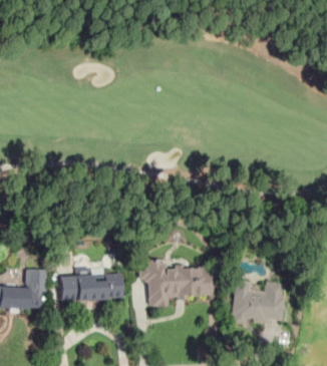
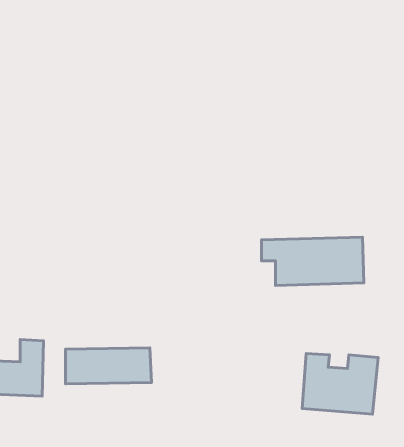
building: [139,266,214,301] -> [262,237,364,286]

